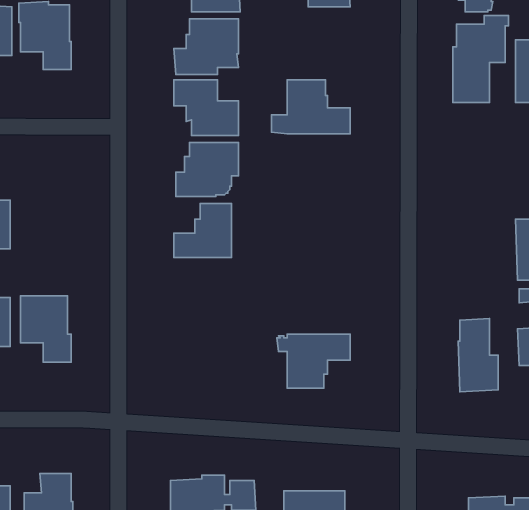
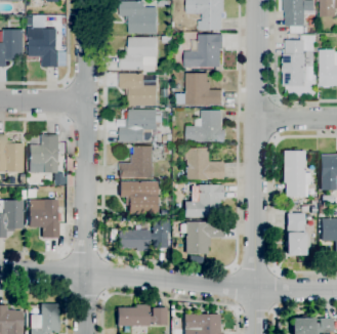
building: none -> [185,35,223,67]
building: none -> [187,110,223,142]
building: none -> [30,134,60,173]
building: none -> [186,148,223,179]
building: none -> [284,152,311,197]
building: none -> [121,182,158,214]
building: none -> [185,185,223,217]
building: none -> [118,231,168,251]

